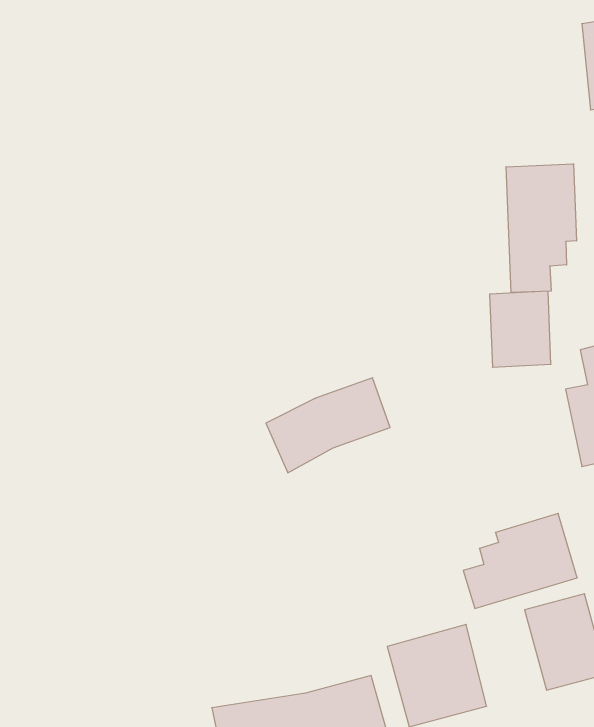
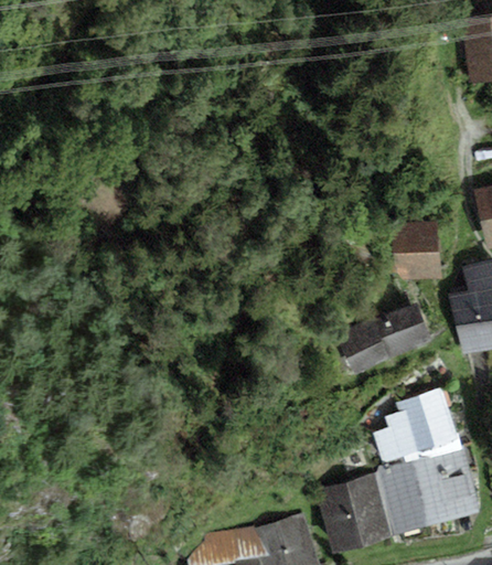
building: [506,164,576,292] -> none
building: [266,378,390,473] -> [338,303,431,375]
building: none -> [375,463,436,536]

